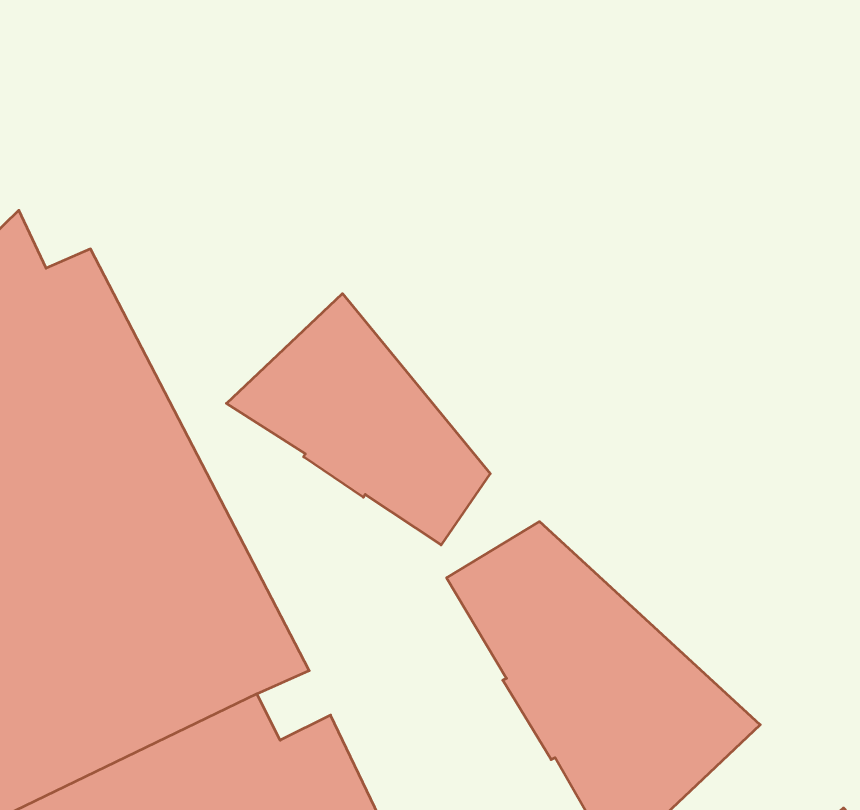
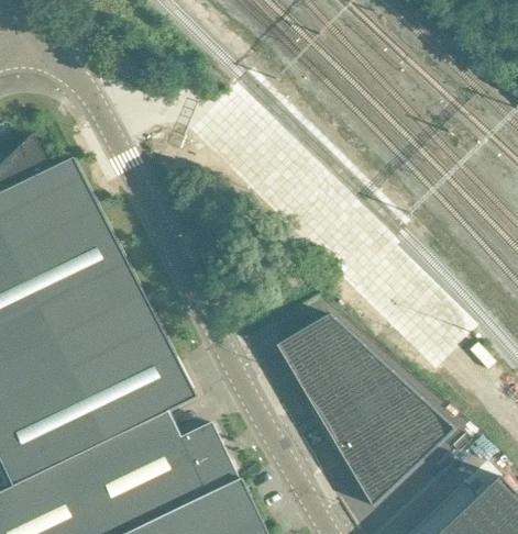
building: [226,294,490,545] -> none

